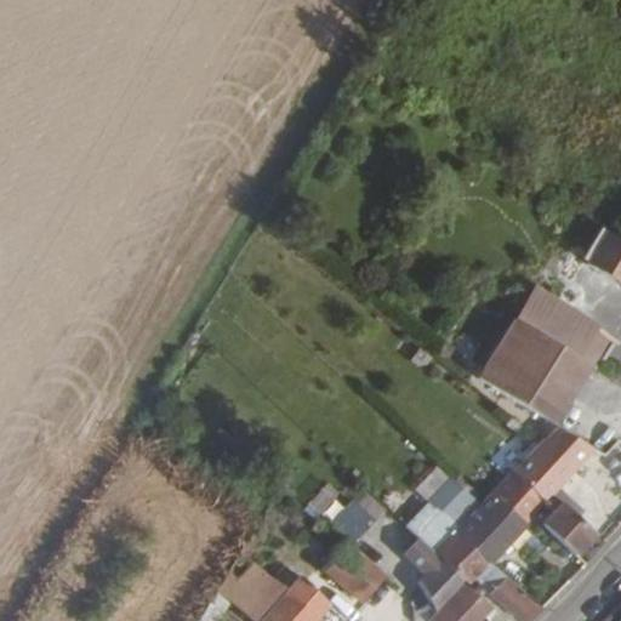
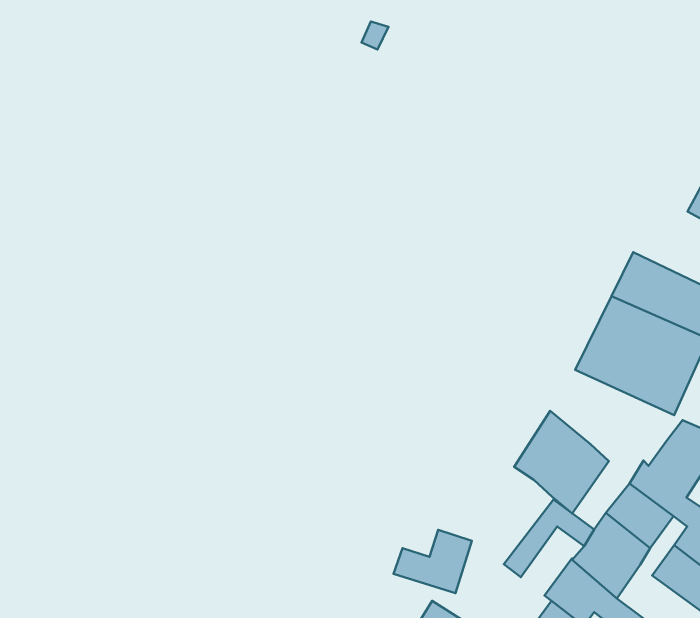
building: none -> [514,411,609,513]

